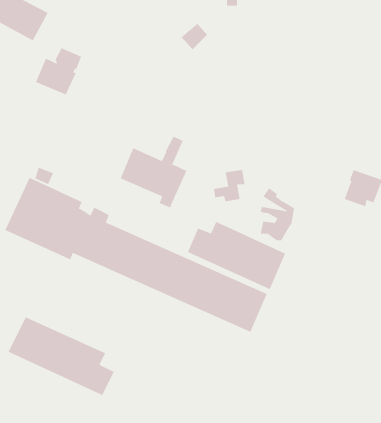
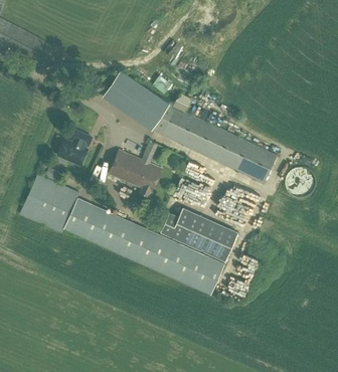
building: none -> [83,70,277,182]
building: [35,47,82,95] -> [56,129,93,166]
building: [8,316,115,396] -> none

